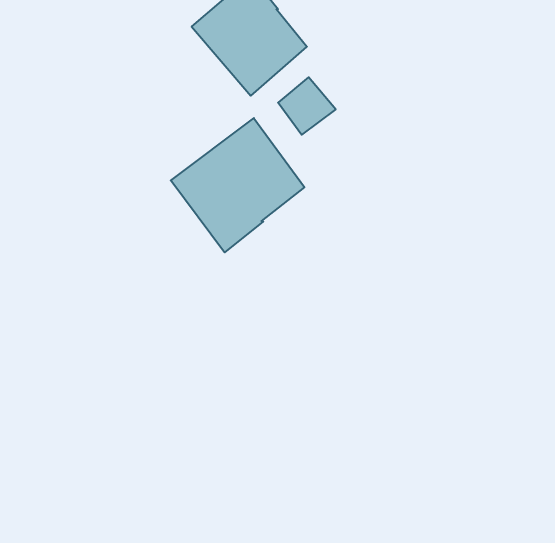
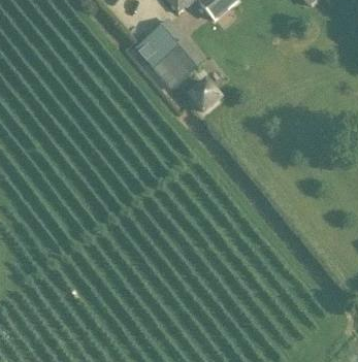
building: [171,118,304,252] -> none

